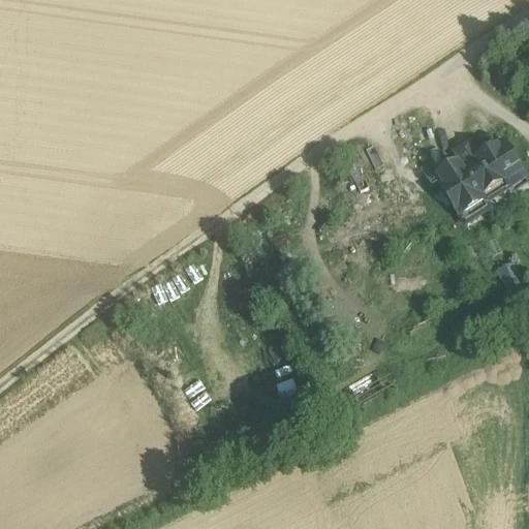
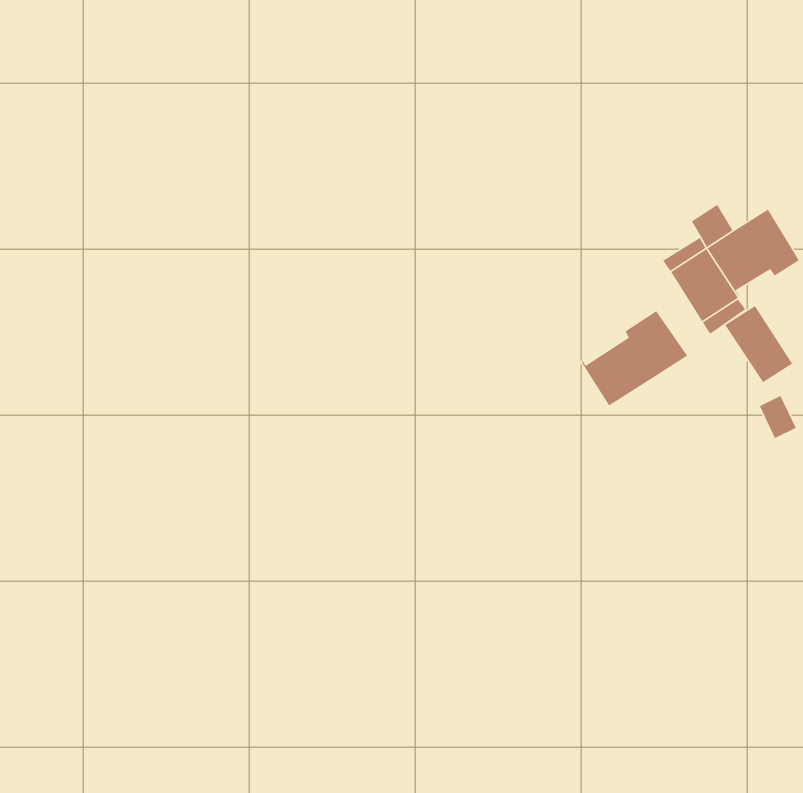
building: none -> [724,306,793,383]
building: none -> [581,310,688,406]

